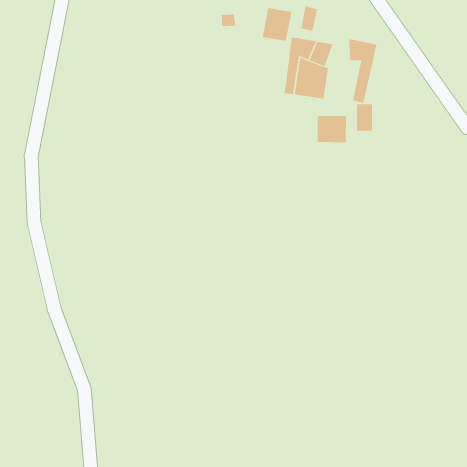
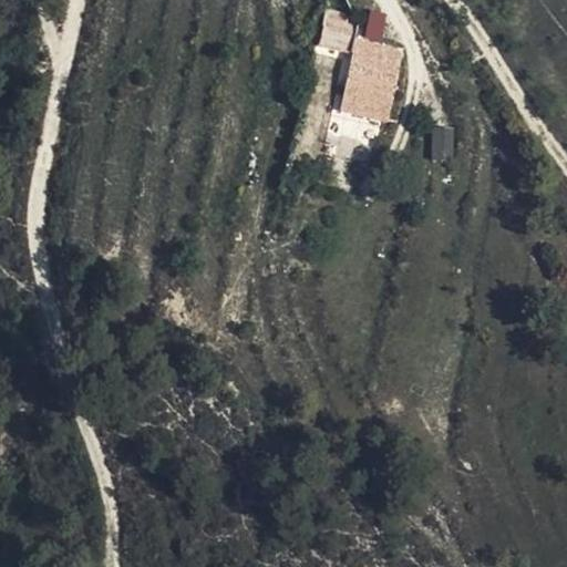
building: [348,39,377,104] -> none
building: [317,115,346,143] -> none

